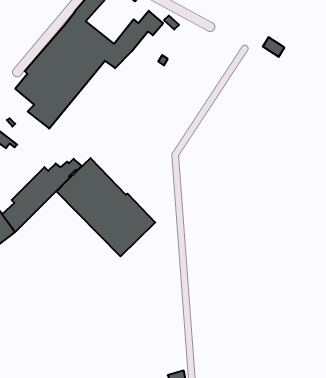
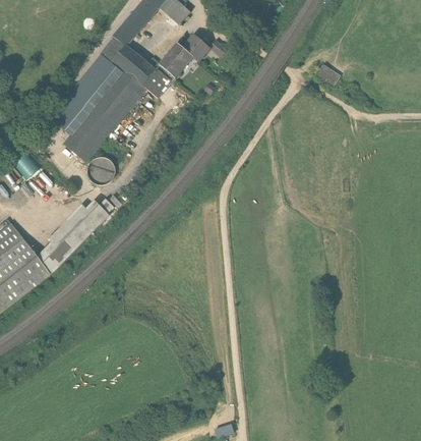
building: none -> [86,156,115,183]
building: [56,158,155,256] -> none

